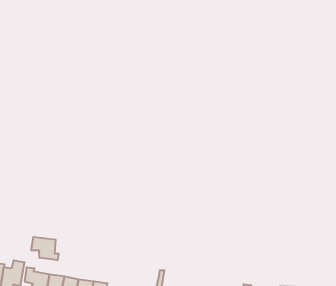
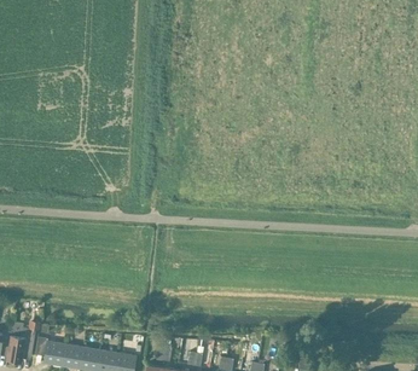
building: [31,237,59,260] -> none

